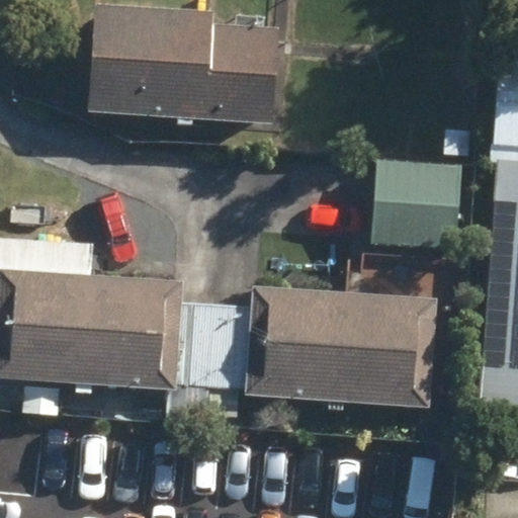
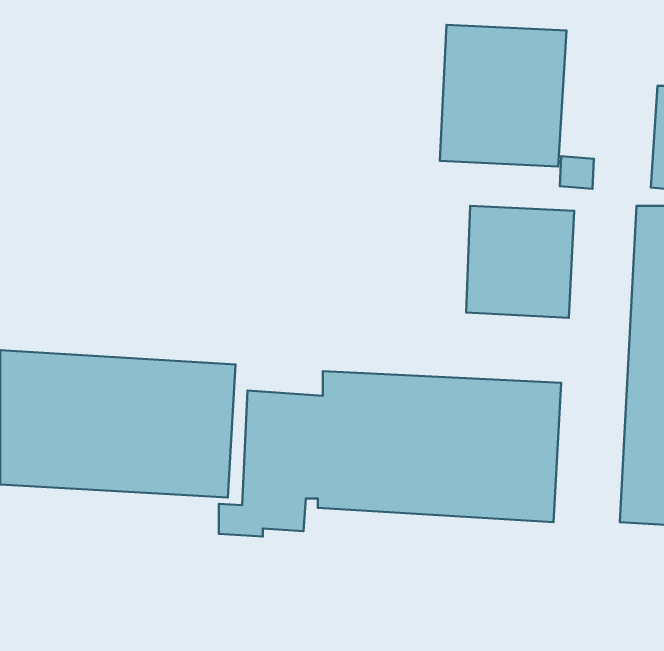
building: [90,6,277,119] -> none
building: none -> [440,25,566,166]

